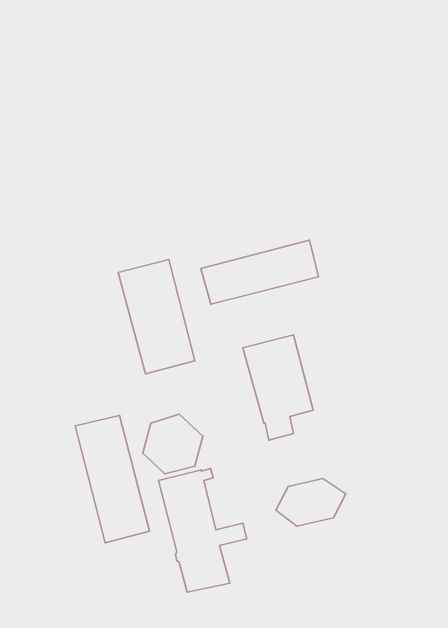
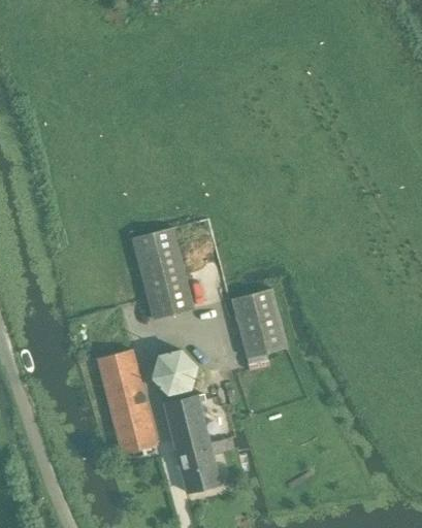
building: [201,240,319,304] -> none
building: [276,479,346,526] -> none

